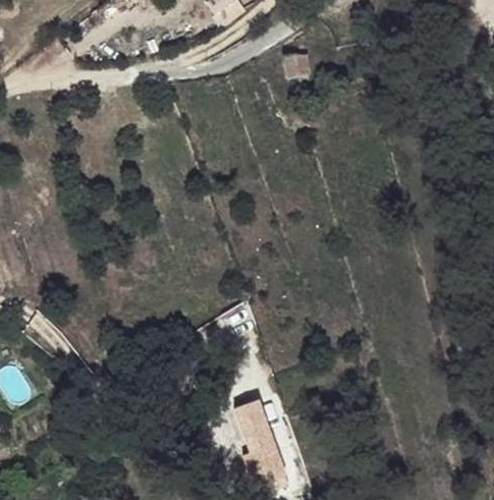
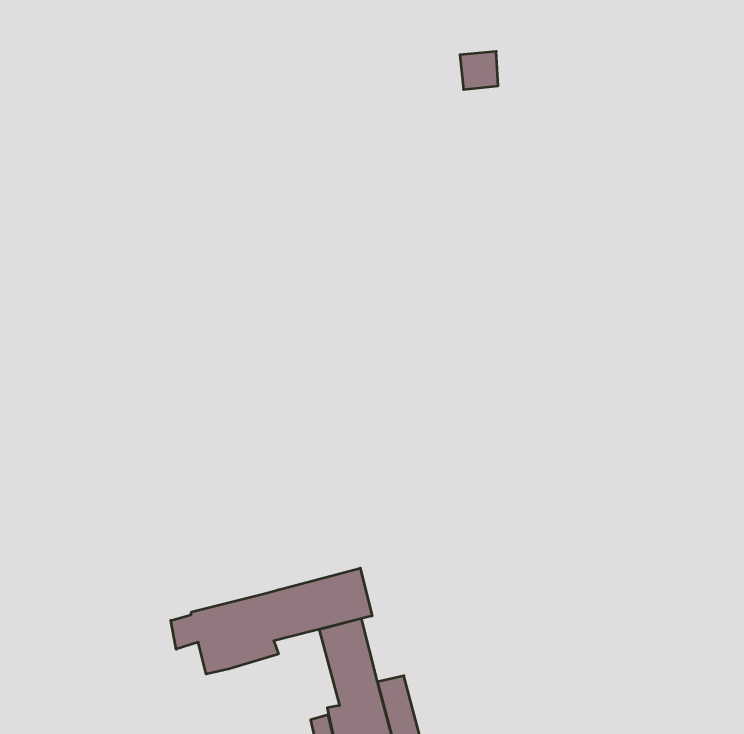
building: none -> [171,568,372,674]

